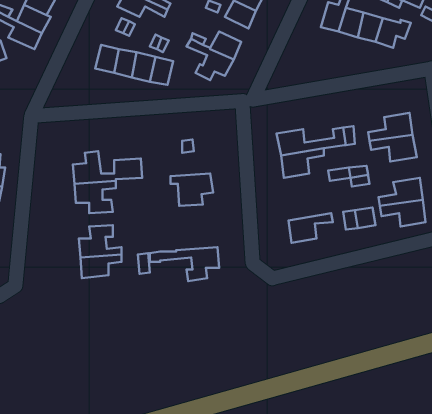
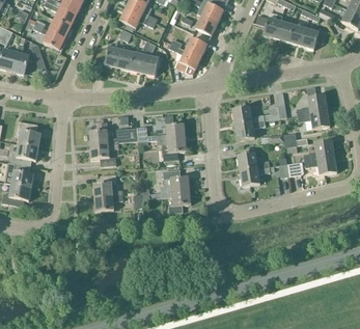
building: none -> [136,124,185,140]
building: none -> [237,147,270,170]
building: none -> [161,169,190,191]

